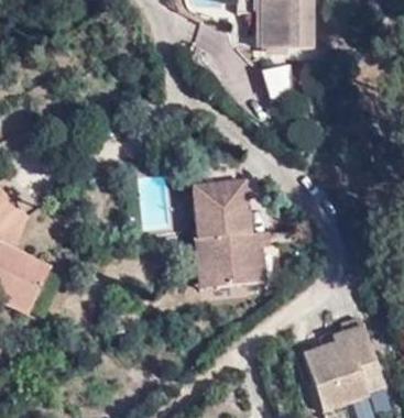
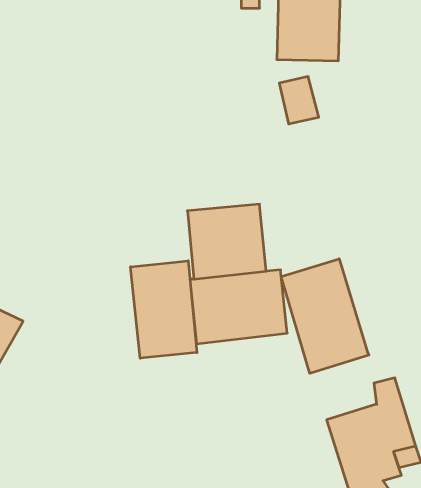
building: none -> [281,259,369,373]
building: none -> [131,261,197,358]

